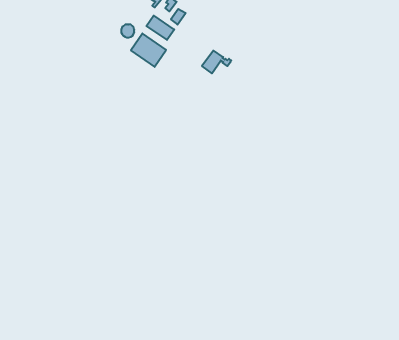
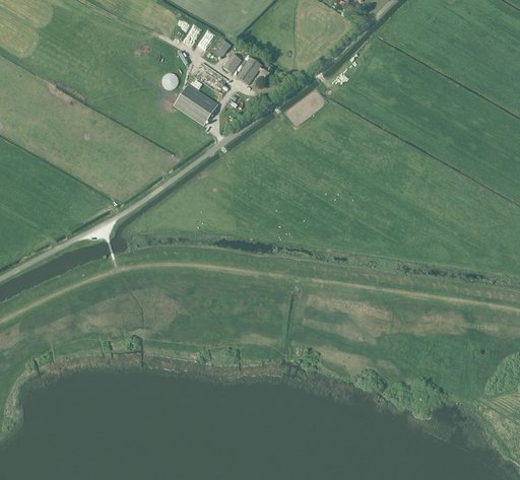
building: [202,51,231,73] -> [236,57,272,85]

